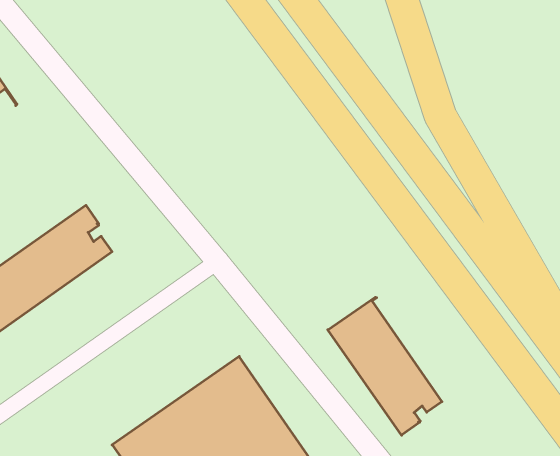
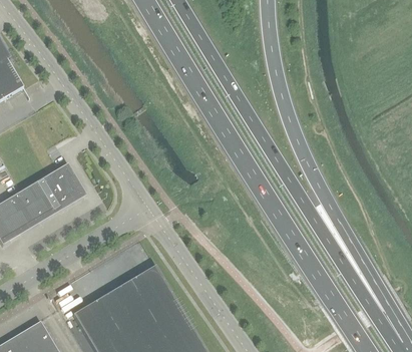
building: [328,297,442,435] -> none

